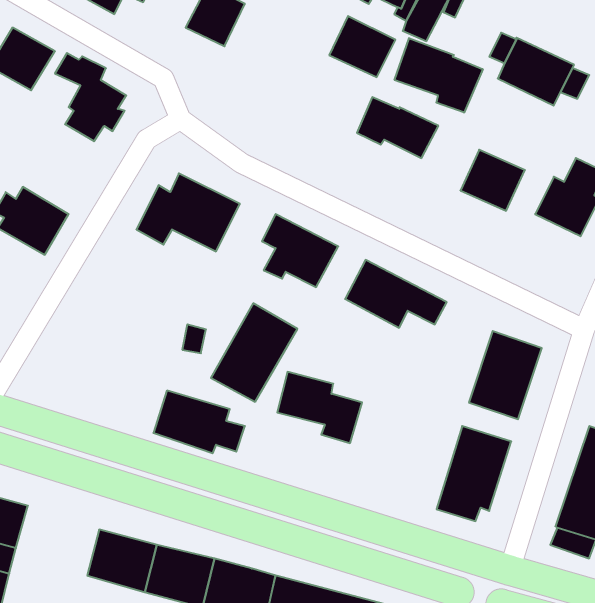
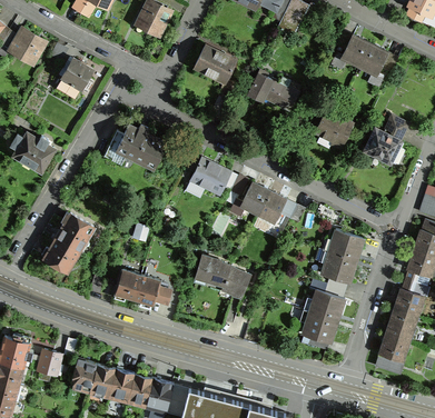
building: [329,16,395,77] -> [192,44,236,84]
building: [395,38,483,113] -> none
building: [211,303,297,402] -> [39,208,96,272]
building: none -> [34,348,62,376]

